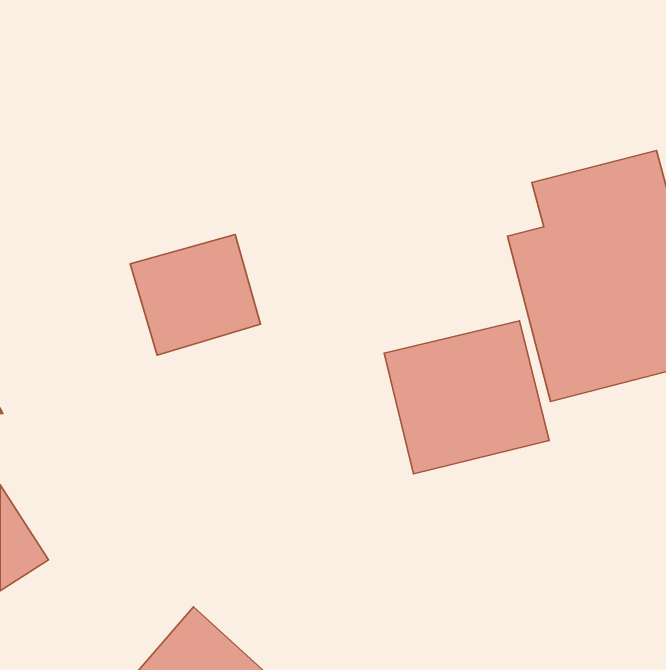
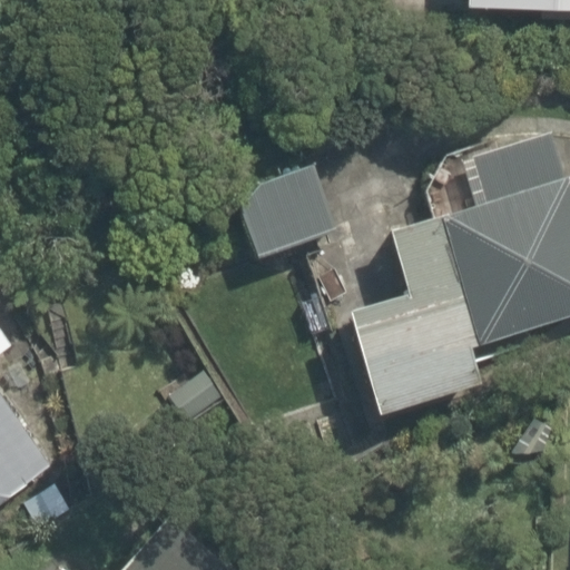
building: [130,234,261,355] -> [226,166,334,266]

